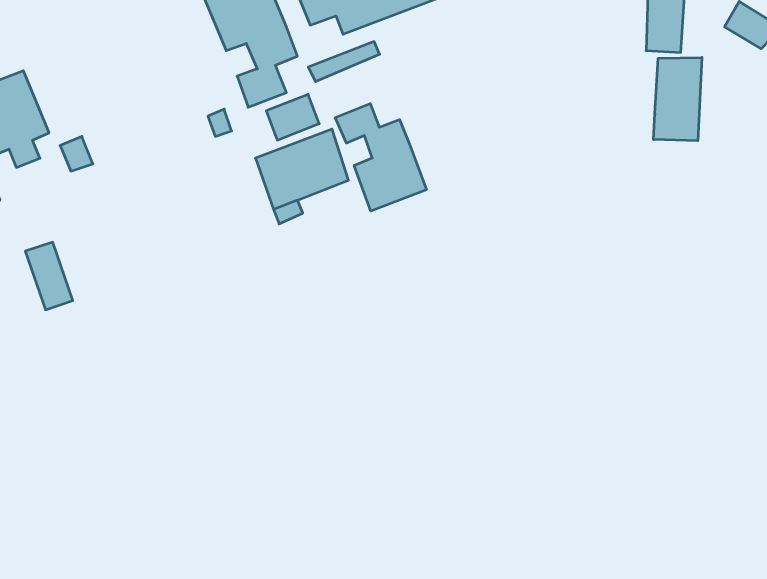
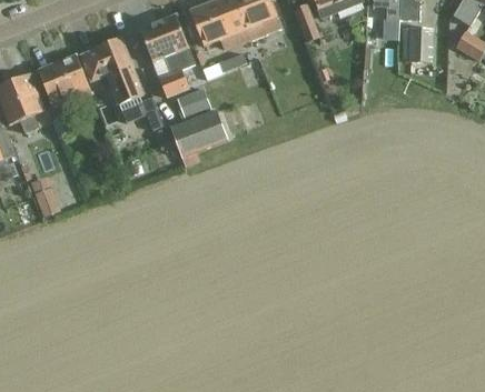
building: none -> [81,37,142,104]
building: none -> [37,54,90,107]
building: [654,57,702,141] -> none
building: [335,104,426,211] -> none

